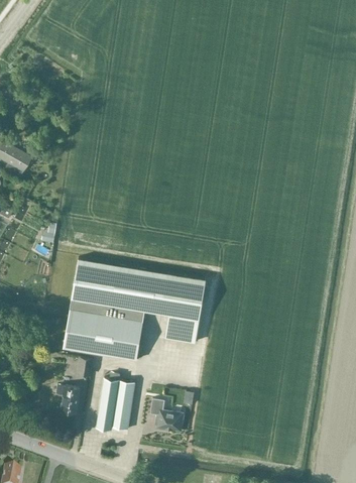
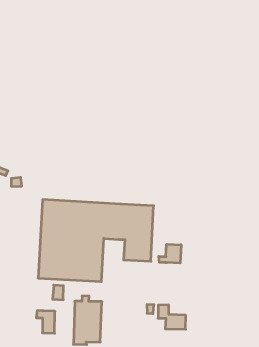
building: none -> [159,244,181,263]
building: [150,399,183,431] -> [158,305,186,329]

